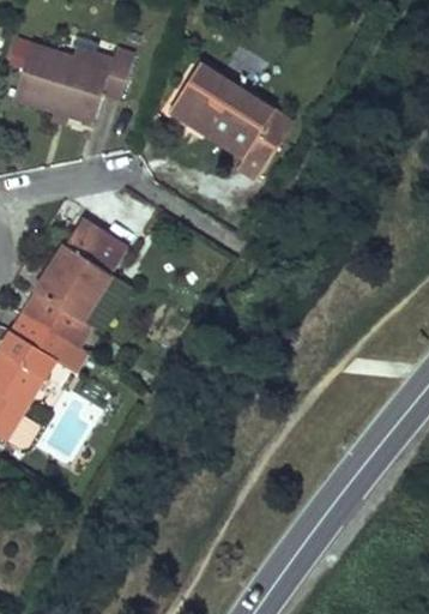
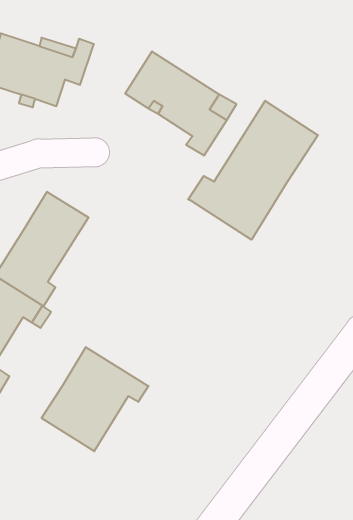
building: none -> [188,101,318,240]
building: none -> [42,347,149,451]

